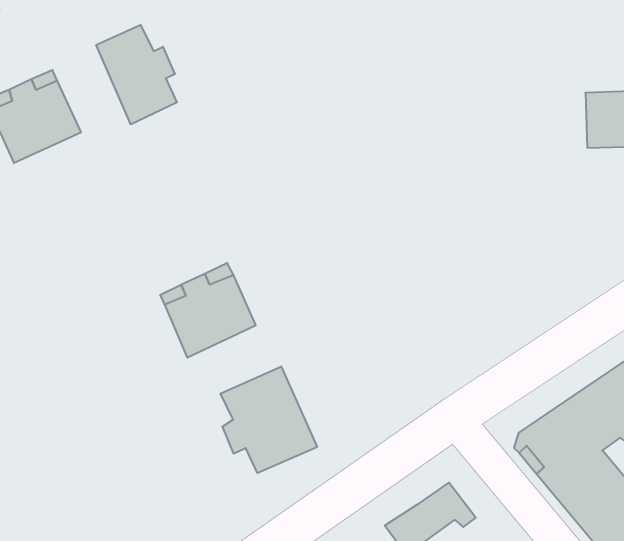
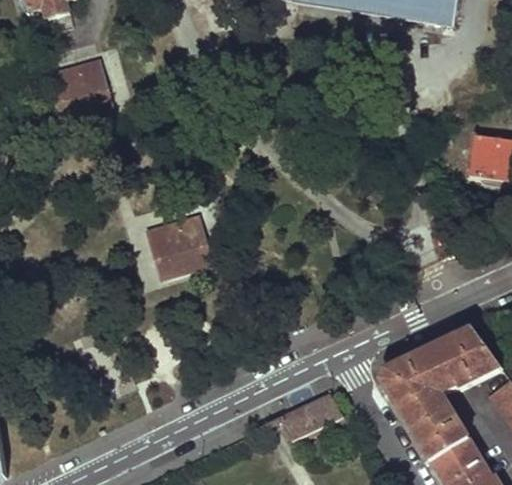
building: [96,25,177,124] -> none
building: [221,366,317,473] -> none

